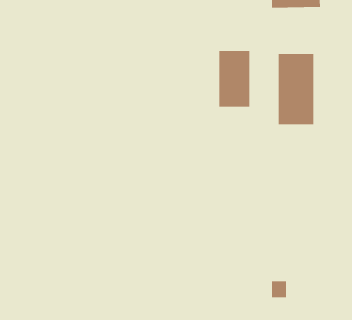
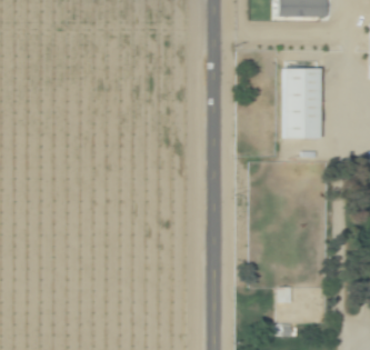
building: [219,50,250,108] -> none

